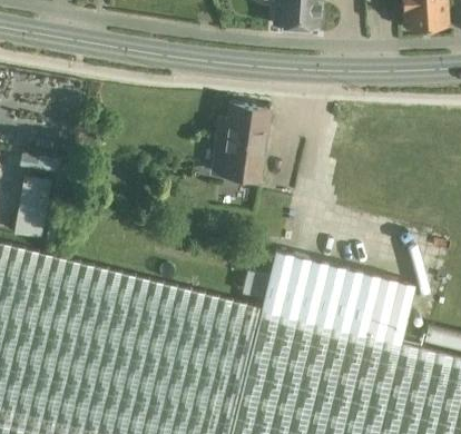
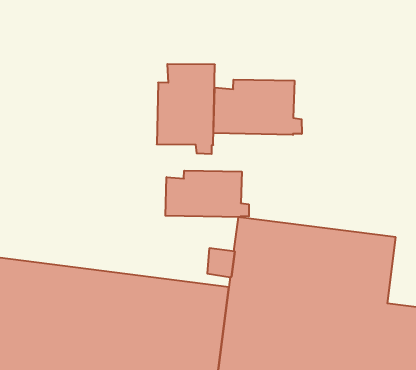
building: none -> [213,80,302,135]
building: none -> [165,171,249,217]

